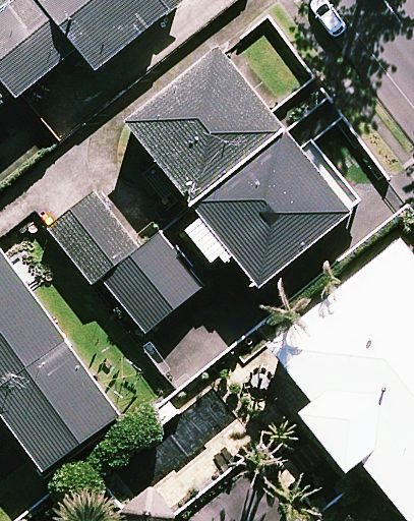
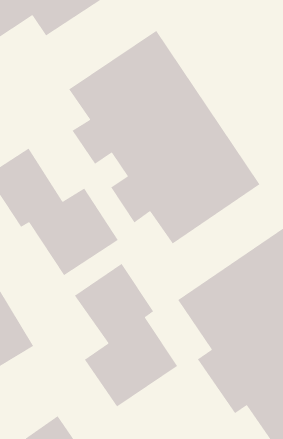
building: none -> [74,263,178,407]

